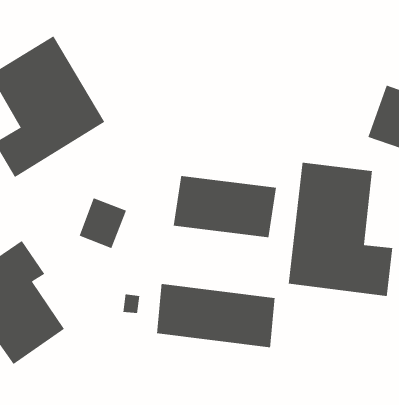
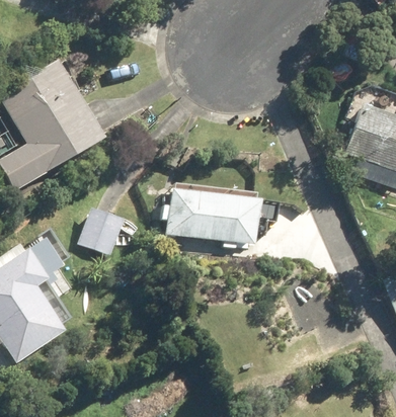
building: [288,162,393,297] -> none
building: [157,283,275,348] -> none

